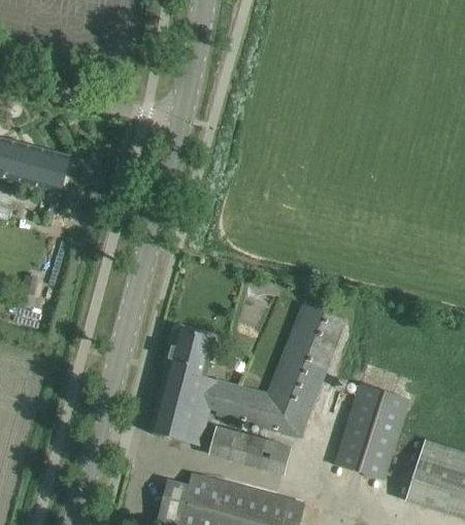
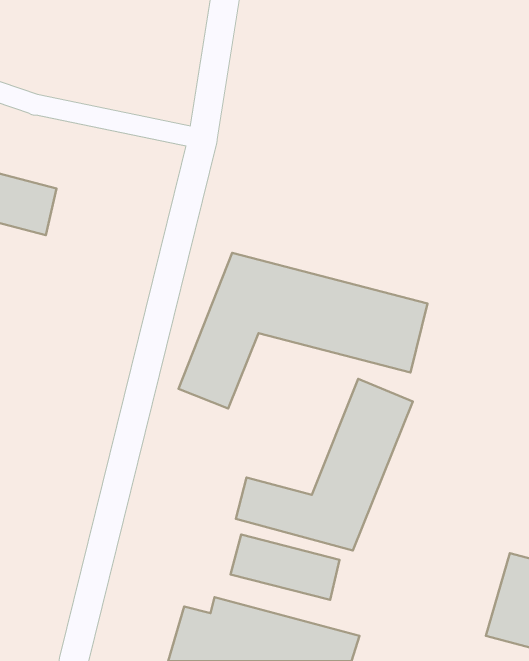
building: none -> [178,253,428,409]
building: [151,328,218,445] -> none
building: [335,384,410,480] -> none

